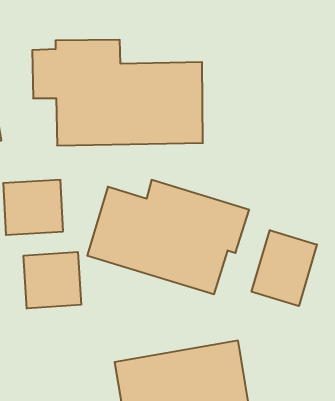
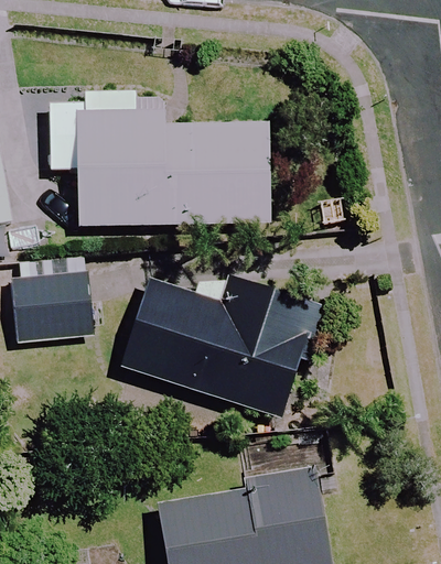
building: [252,230,317,306] -> none
building: [24,252,81,309] -> none

